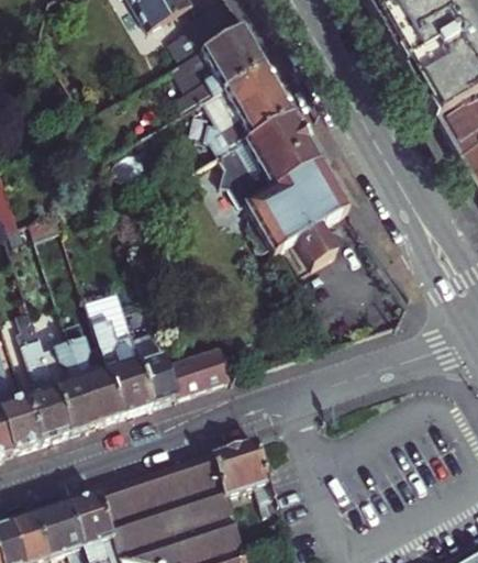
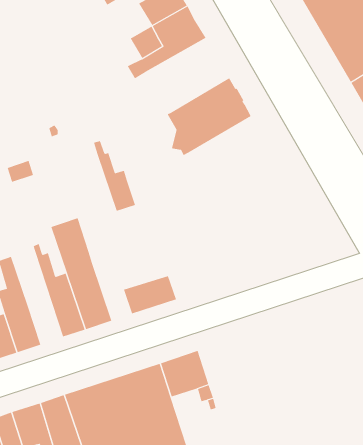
building: [198,66,294,157] -> none
building: [246,159,351,268] -> none
building: [127,319,178,404] -> [93,141,136,211]
building: [47,321,96,432] -> none

